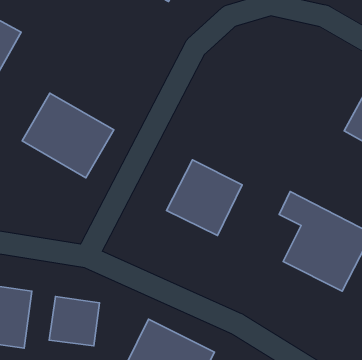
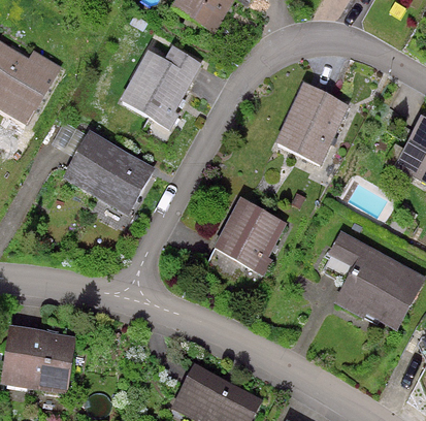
building: none -> [120,46,203,128]
building: none -> [274,84,348,164]
building: [49,297,100,346] -> none

